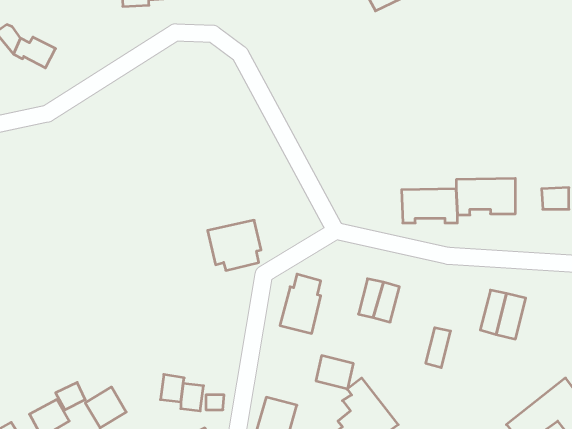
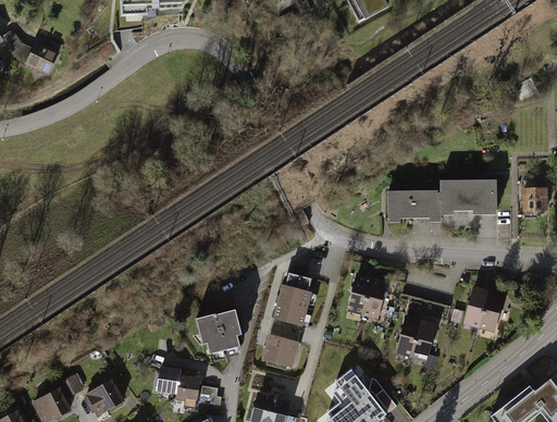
building: [208,220,261,270] -> [191,303,243,351]
building: none -> [396,318,420,356]
building: [316,356,353,389] -> [262,336,298,368]

